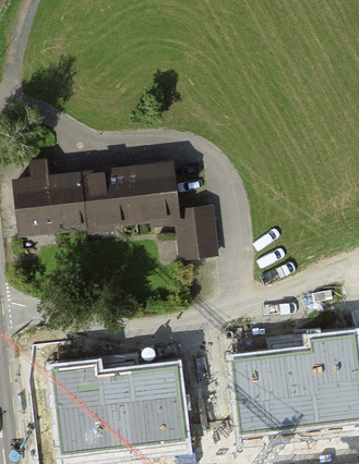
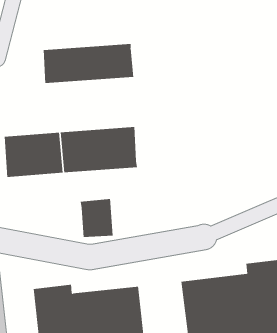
building: none -> [43,43,134,84]
building: [177,209,217,256] -> [80,199,113,238]

